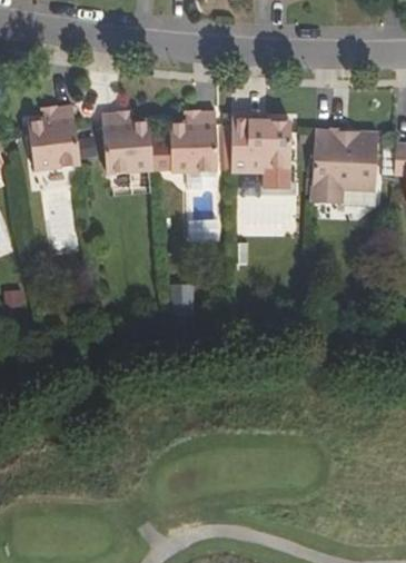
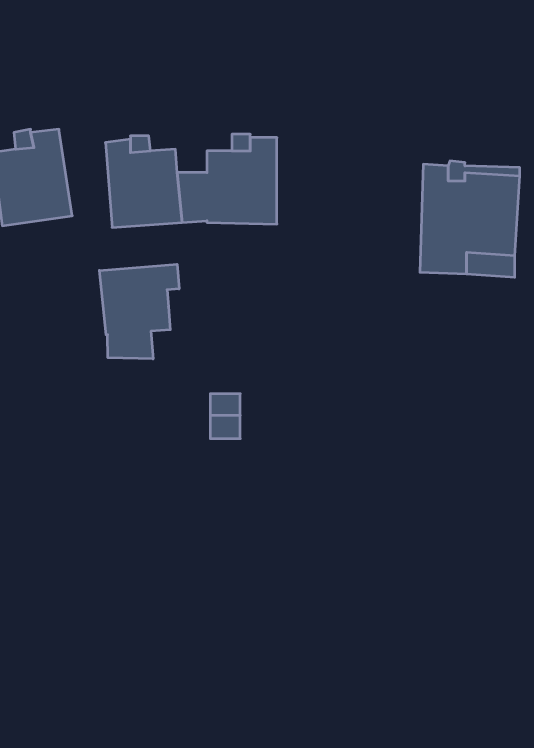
building: [224,115,290,189] -> none
building: none -> [99,264,179,359]

